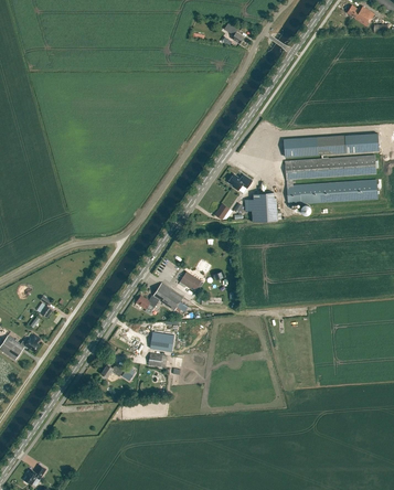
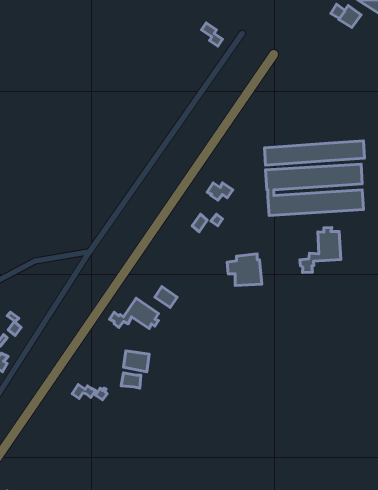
building: [245,192,278,222] -> [227,254,262,285]
building: none -> [300,228,341,273]

